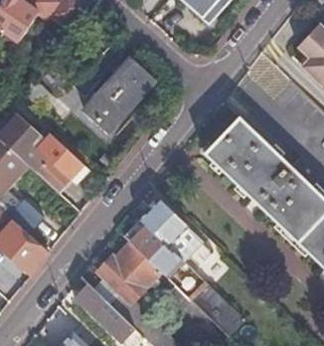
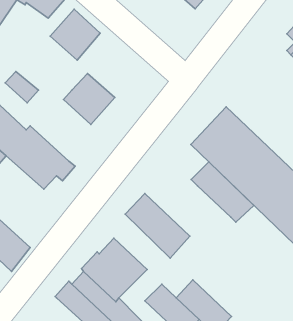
building: [105,57,153,107] -> [50,9,100,60]
building: [124,219,184,278] -> [191,162,254,222]

